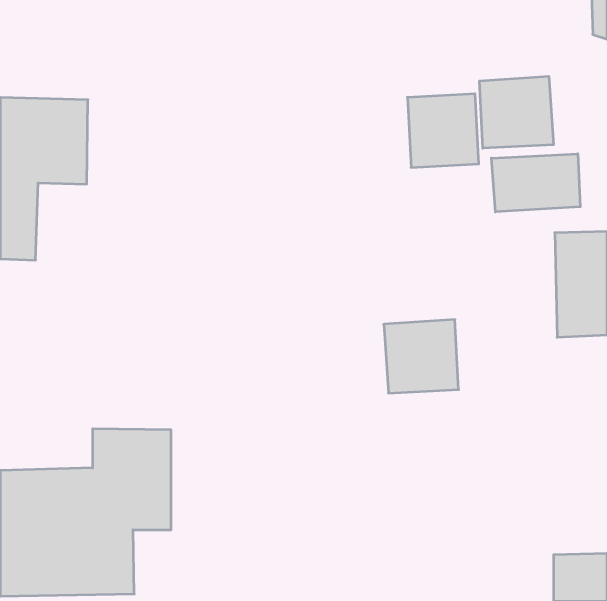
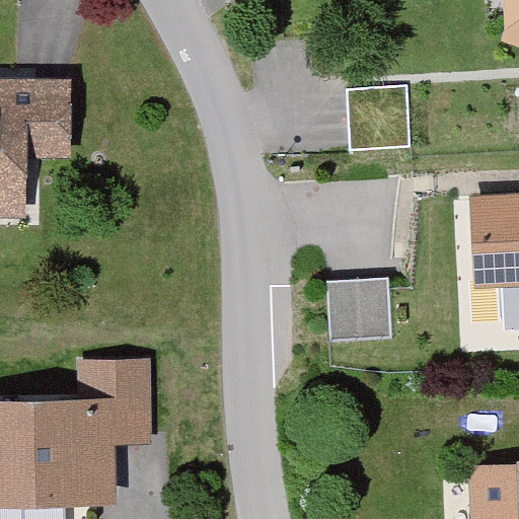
building: [480,76,553,148] -> none
building: [491,154,580,212] -> none

